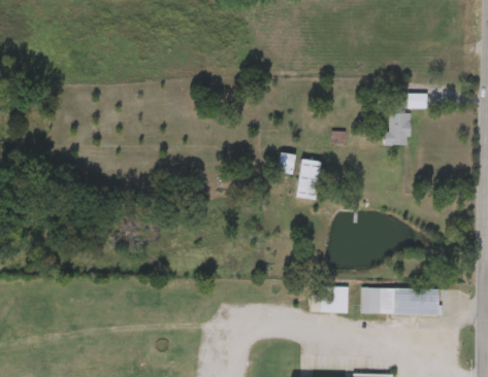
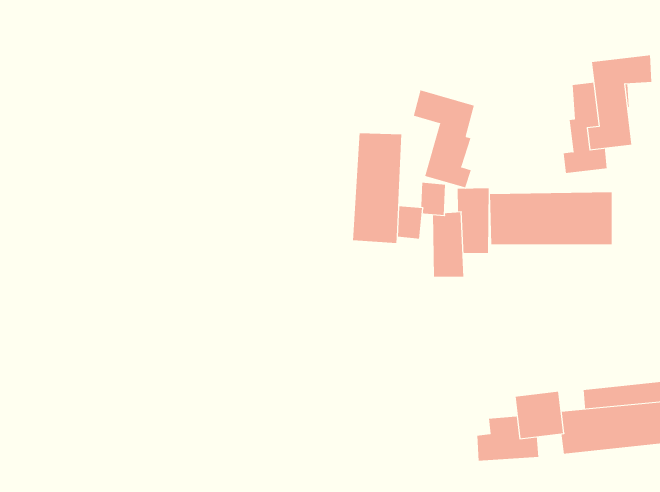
building: none -> [413,90,474,188]
building: none -> [352,132,402,244]
building: none -> [489,192,612,245]

